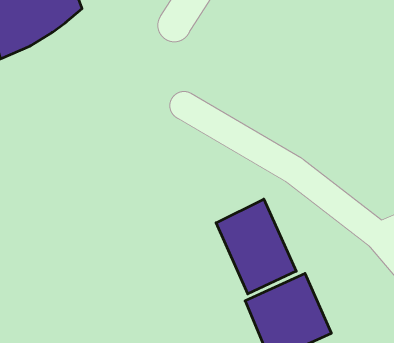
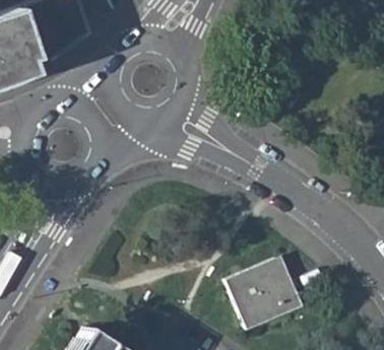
building: [216,199,296,294] -> none

